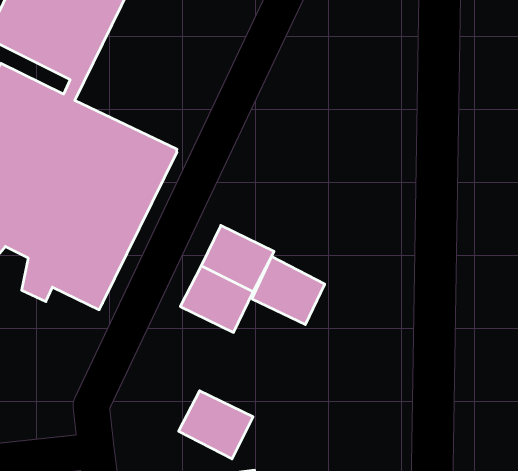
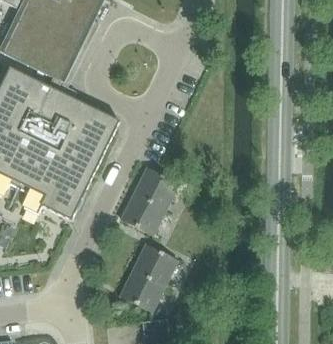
building: [252,257,325,325] -> [133,243,178,285]

